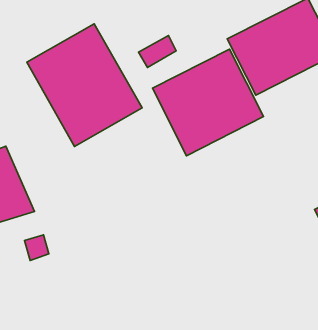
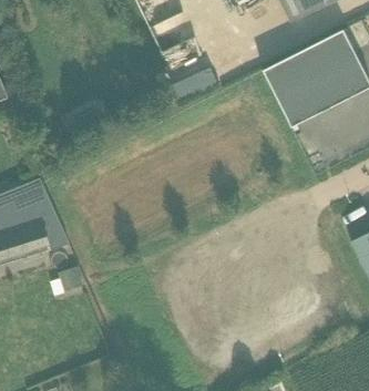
building: [27,24,142,146] -> none
building: [153,49,264,156] -> none

